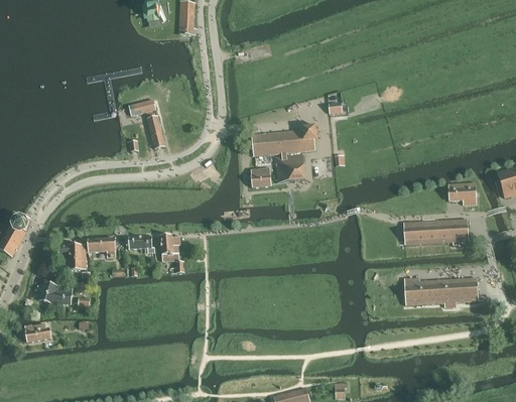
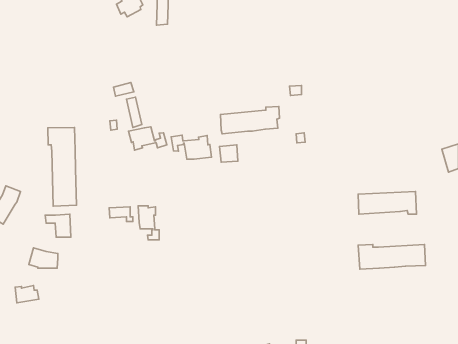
building: none -> [128,127,167,150]
building: none -> [48,128,77,206]
building: [275,152,304,181] -> none
building: none -> [171,135,212,159]
building: [447,182,476,205] -> none
building: [87,238,115,257] -> none

